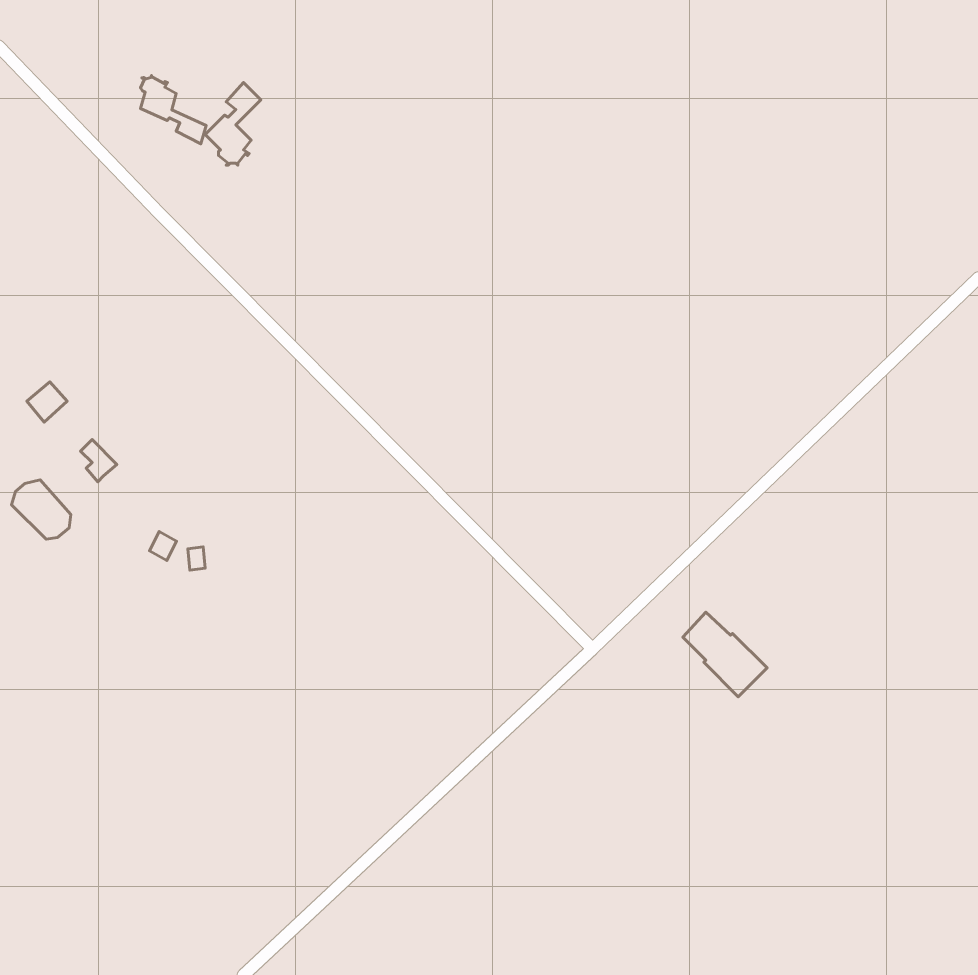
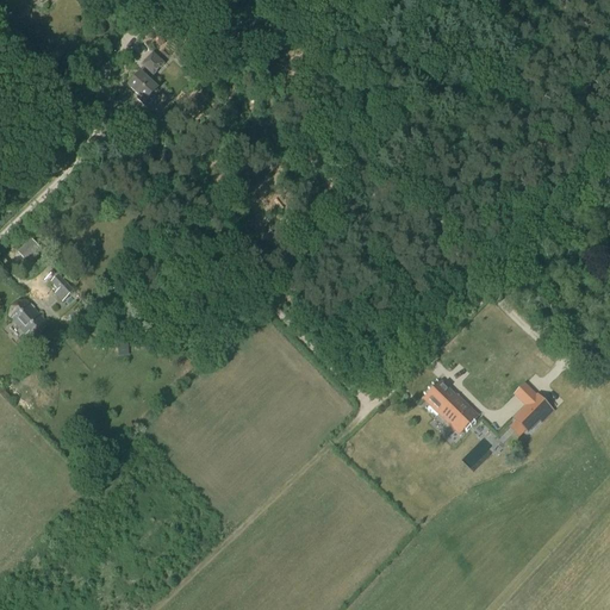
building: [141,75,206,144] -> none
building: none -> [512,393,548,430]

